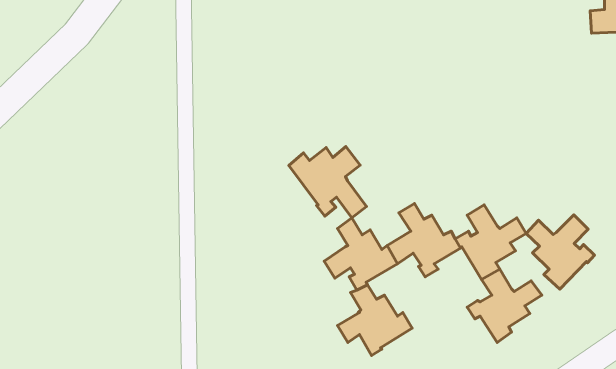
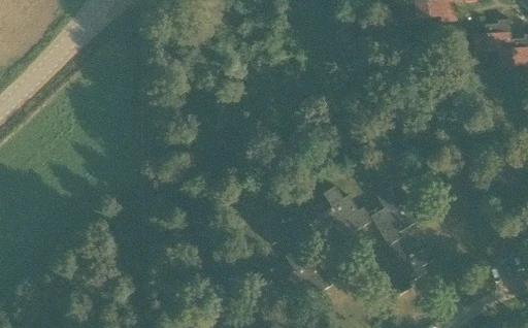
building: [289,147,366,218] -> none
building: [526,215,595,289] -> none

